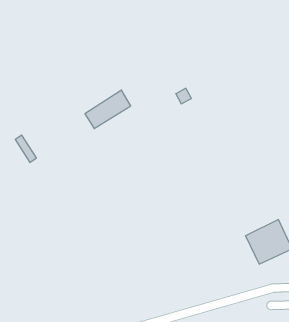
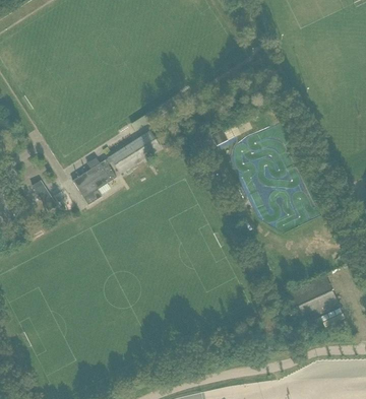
building: none -> [73,159,118,204]

